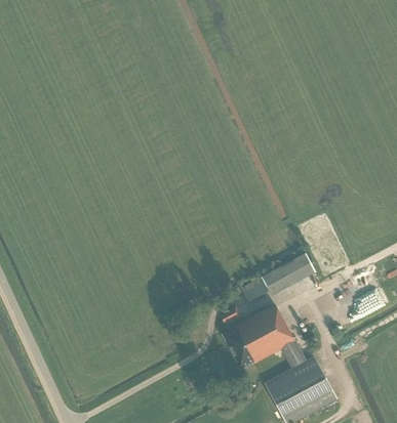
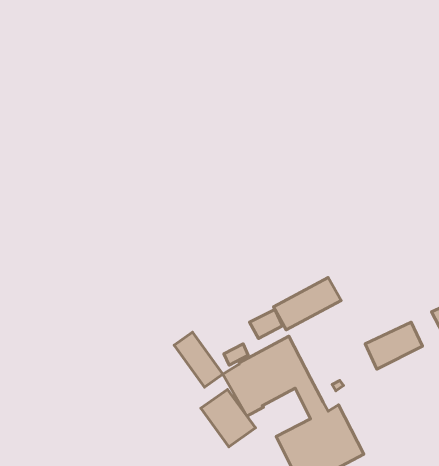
building: none -> [174,332,223,387]
building: none -> [201,389,255,447]

